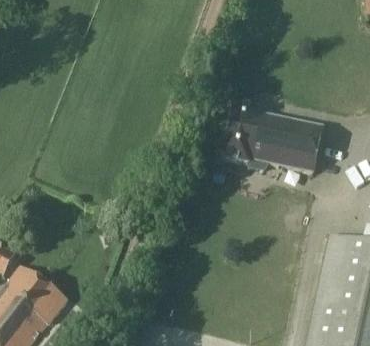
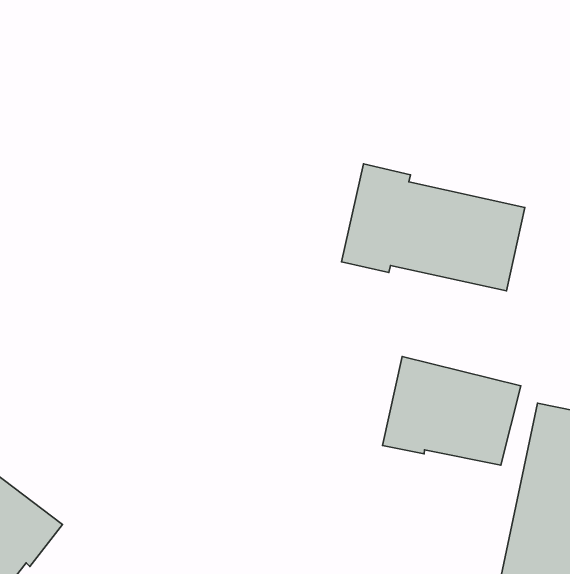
building: none -> [382,356,521,465]

